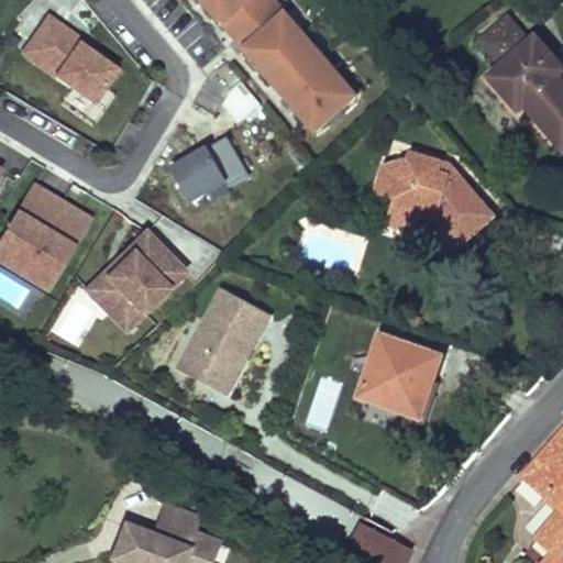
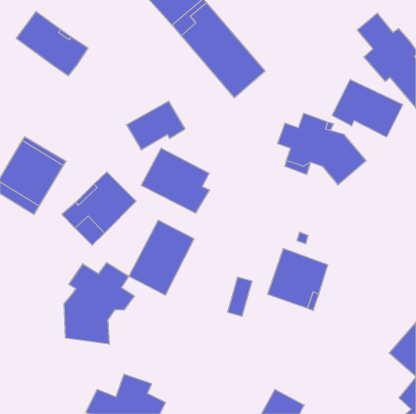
building: none -> [332,79,403,137]
building: none -> [141,148,209,213]
building: none -> [64,262,134,344]

